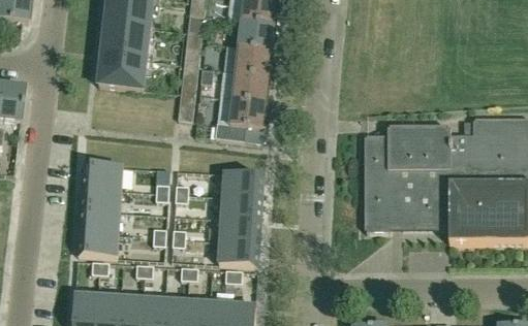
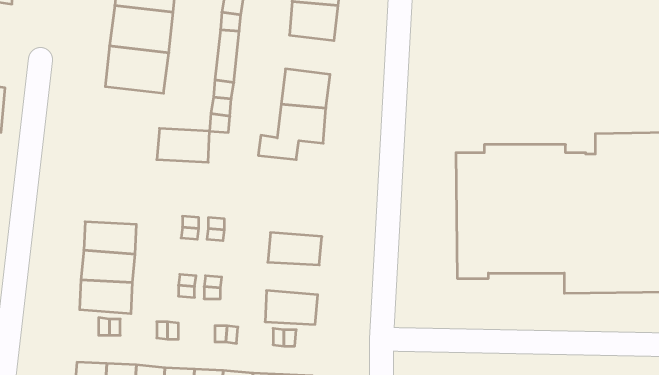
building: [235,43,272,73] -> none
building: [82,162,122,188] -> [157,128,210,162]
building: [223,171,263,197] -> none
building: [220,217,260,241] -> none

